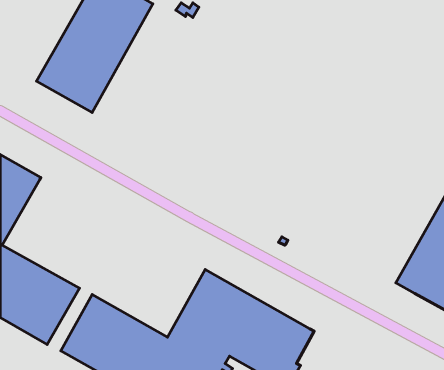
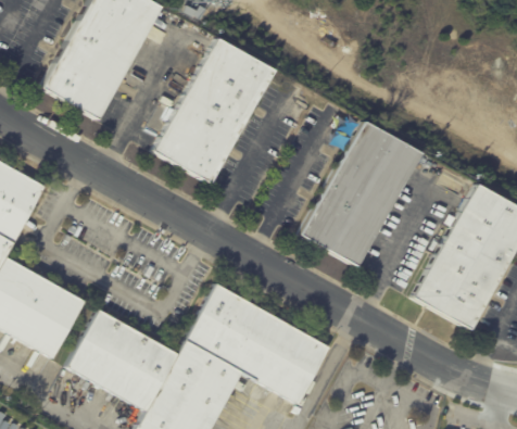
building: none -> [153,37,274,184]
building: none -> [299,121,419,266]

